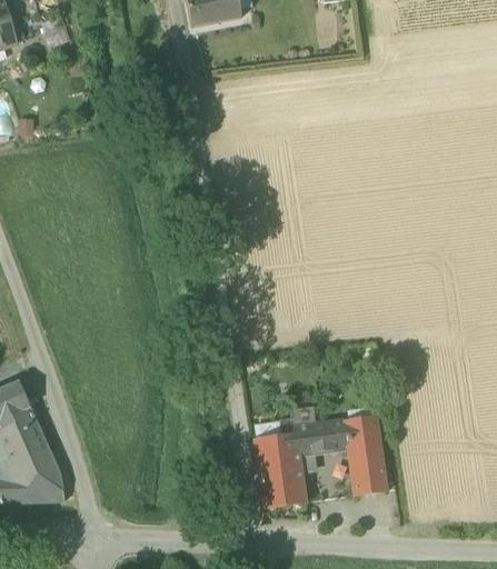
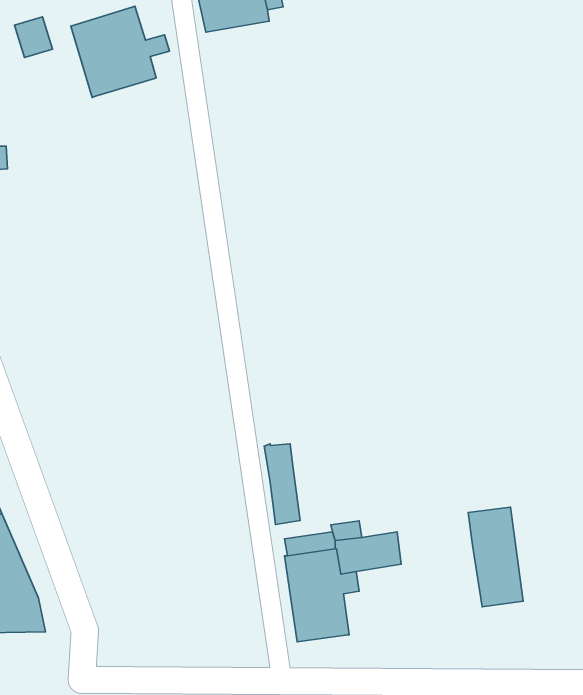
building: none -> [71,6,170,98]
building: none -> [264,444,300,525]
building: [341,417,385,496] -> [468,507,523,607]

